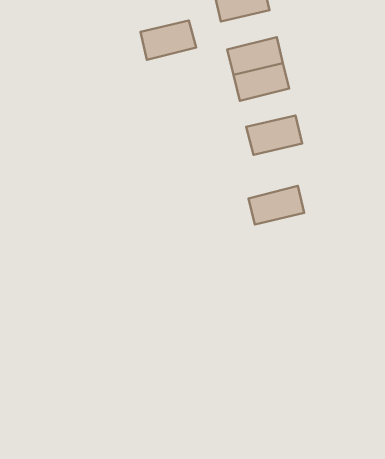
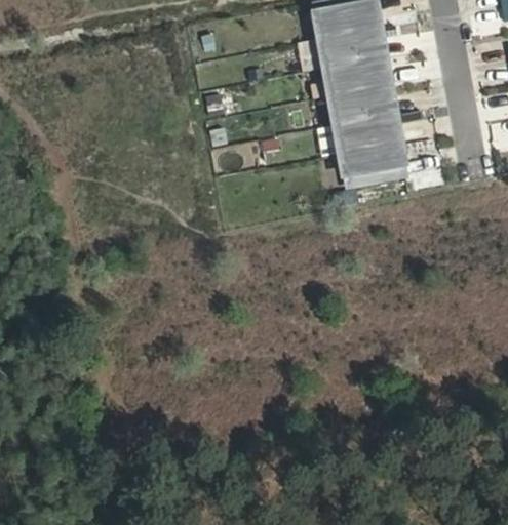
building: [140,20,196,60] -> [322,29,382,69]
building: [248,186,304,224] -> [338,115,397,154]

